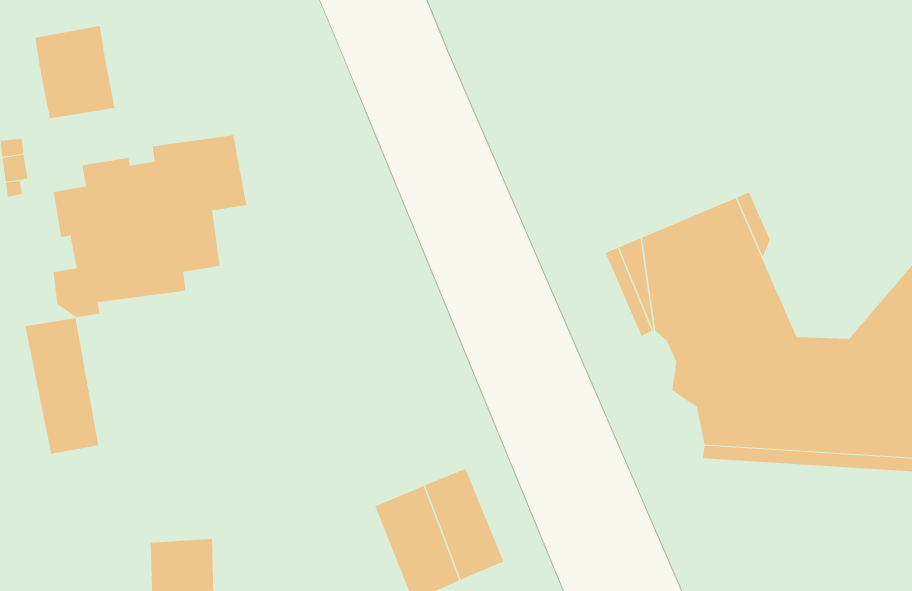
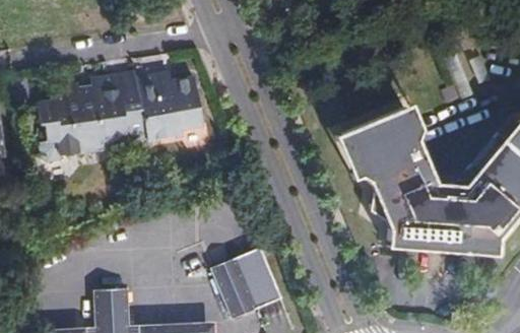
building: [35,25,115,119] -> none
building: none -> [127,73,203,147]
building: [25,318,99,455] -> none

